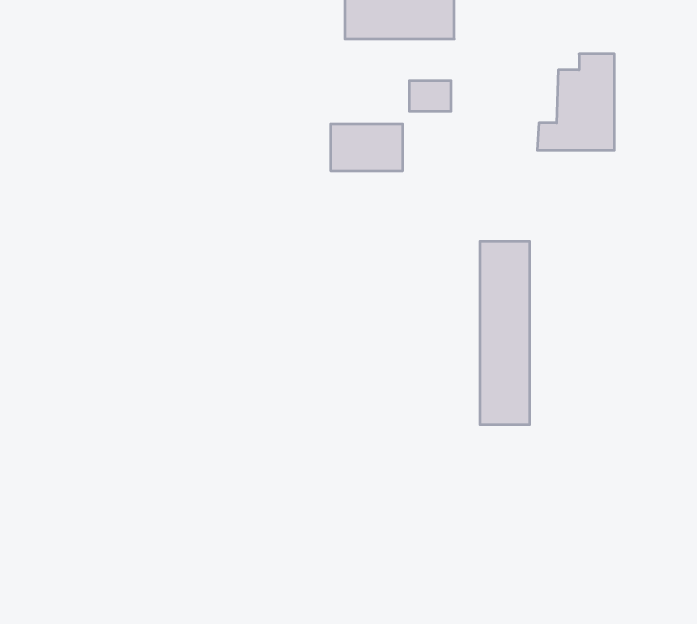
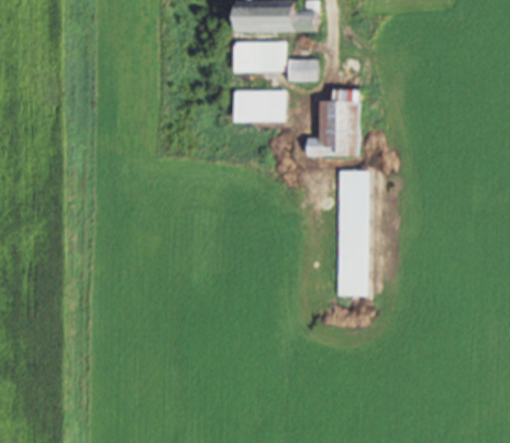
building: [537,54,614,150] -> [304,90,357,156]
building: none -> [232,43,282,73]

